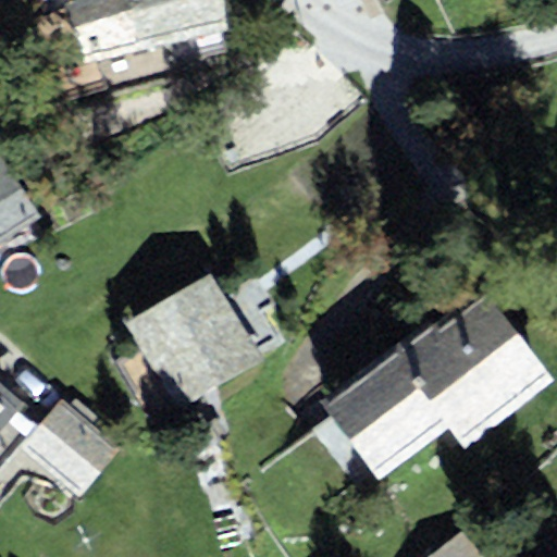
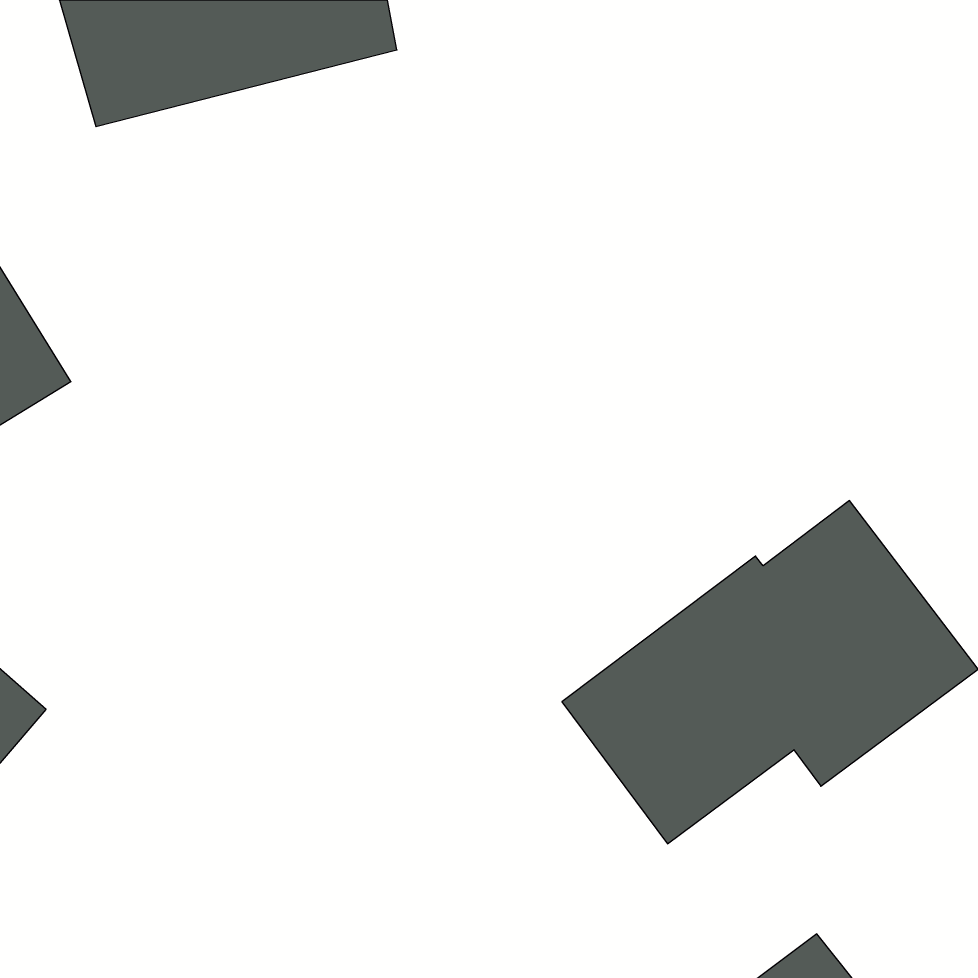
building: [125,273,262,411] -> none
building: [18,399,121,499] -> none

